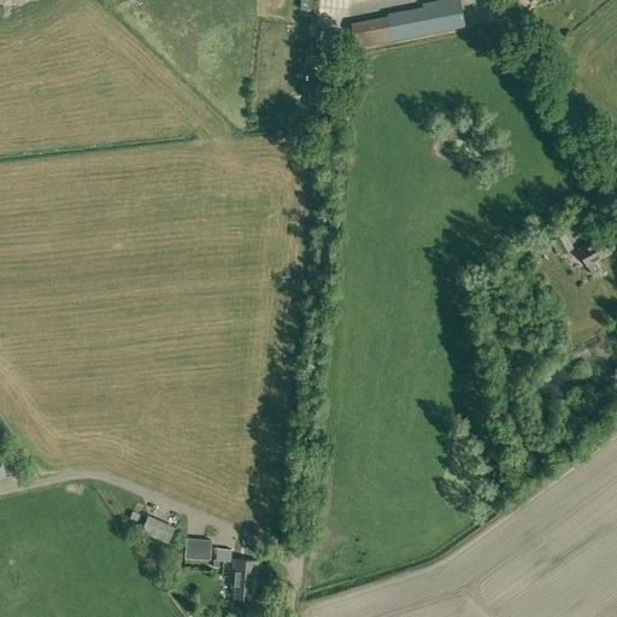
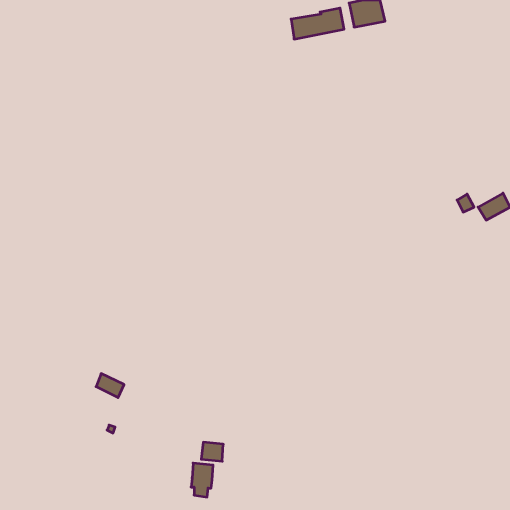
building: [140,516,174,545] -> [96,374,124,398]
building: [183,537,210,560] -> [201,442,223,461]

